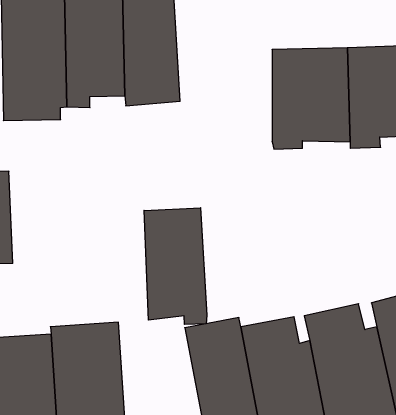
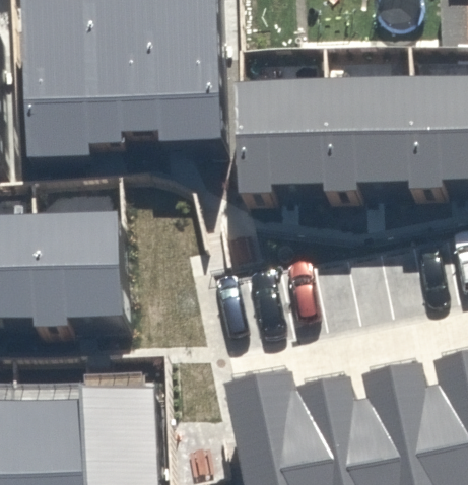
building: none -> [236,79,323,192]
building: none -> [32,210,120,323]
building: [144,208,207,324] -> none

